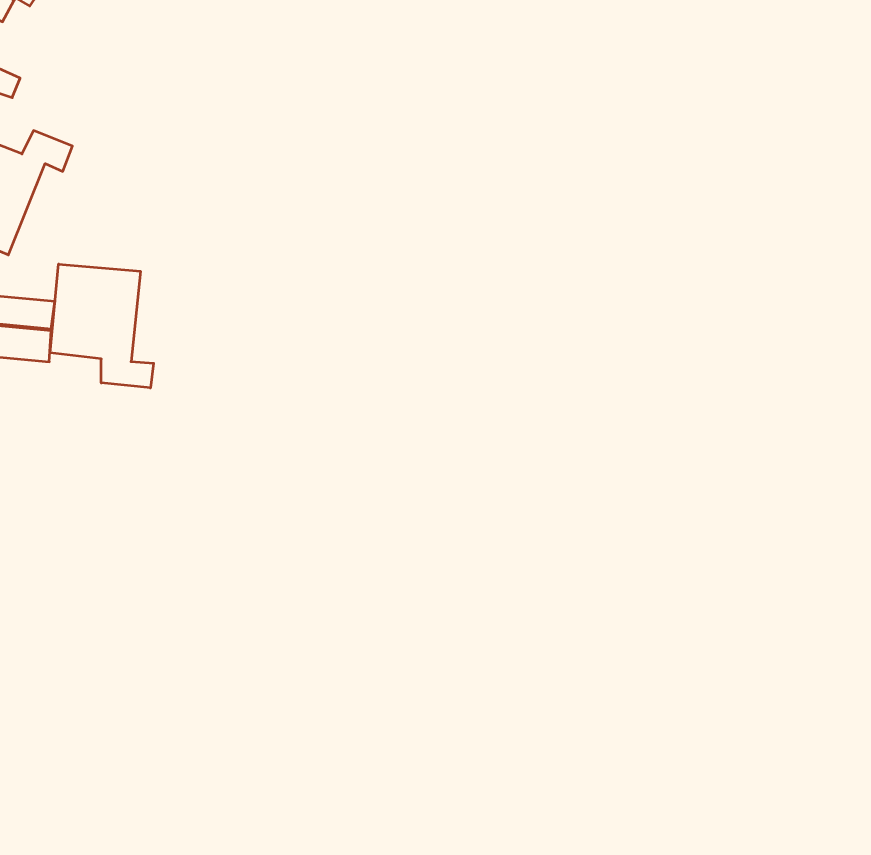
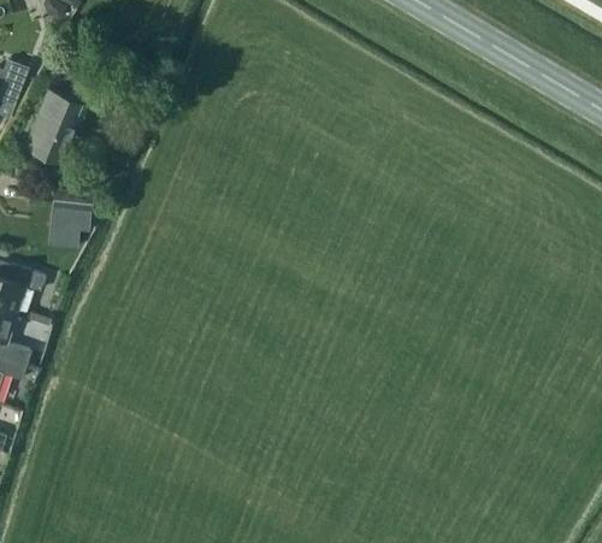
building: [50,264,154,388] -> none

